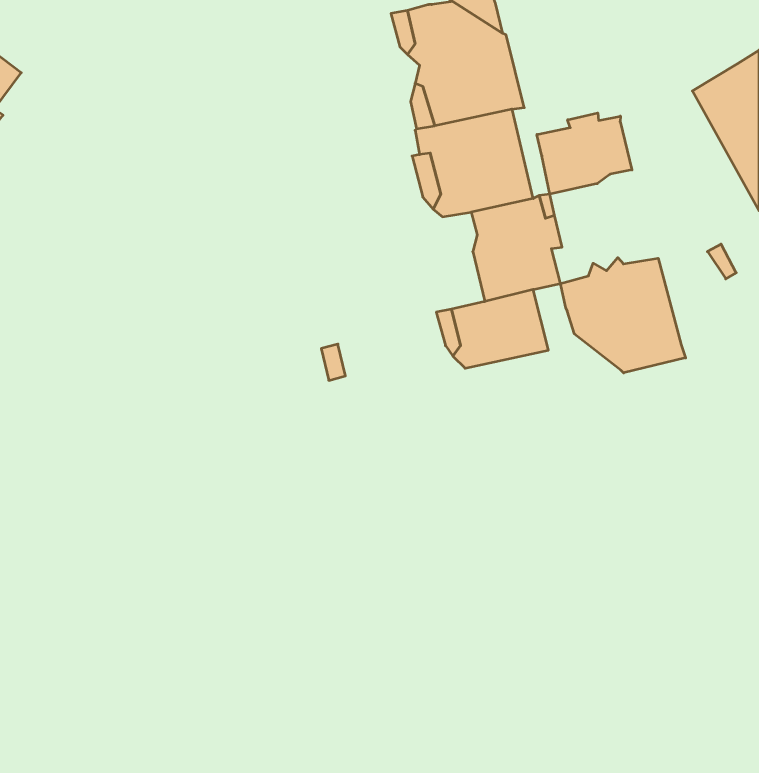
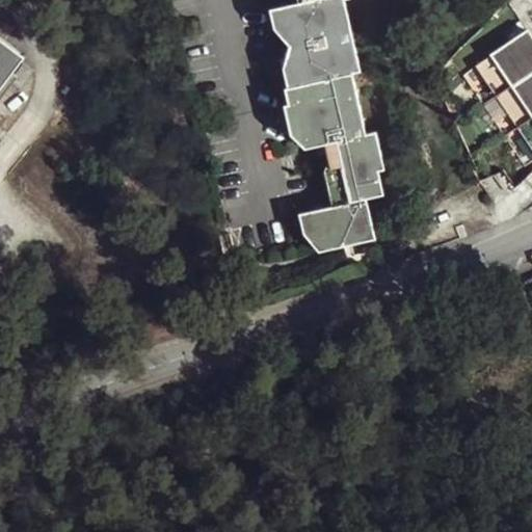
building: [537,113,632,194] -> none
building: [561,258,686,373] -> none

